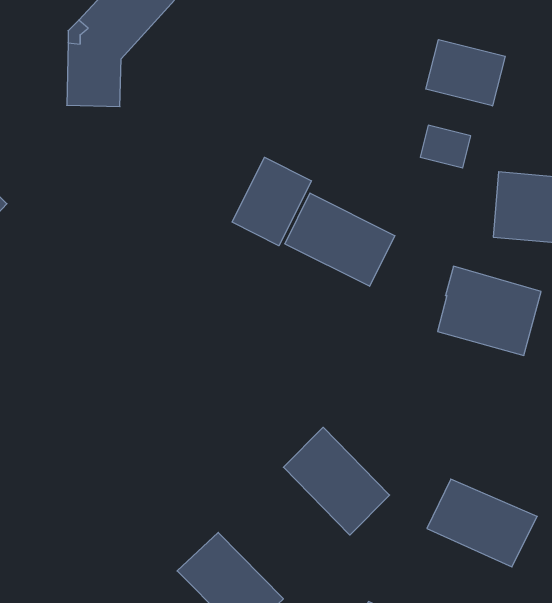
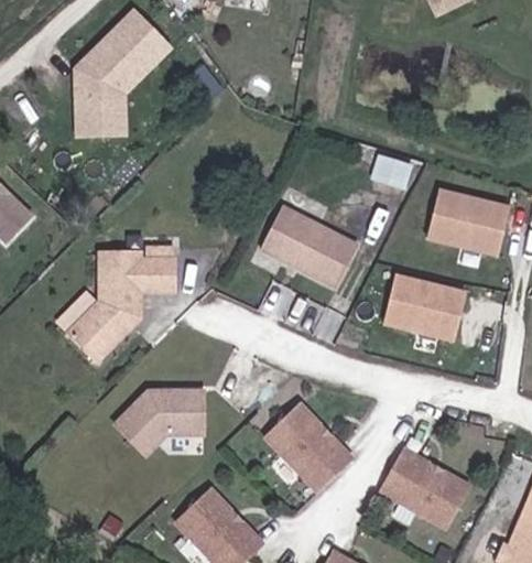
building: [426,40,505,106] -> none
building: [232,157,311,246] -> none
building: none -> [66,253,177,362]
building: none -> [109,389,197,459]

